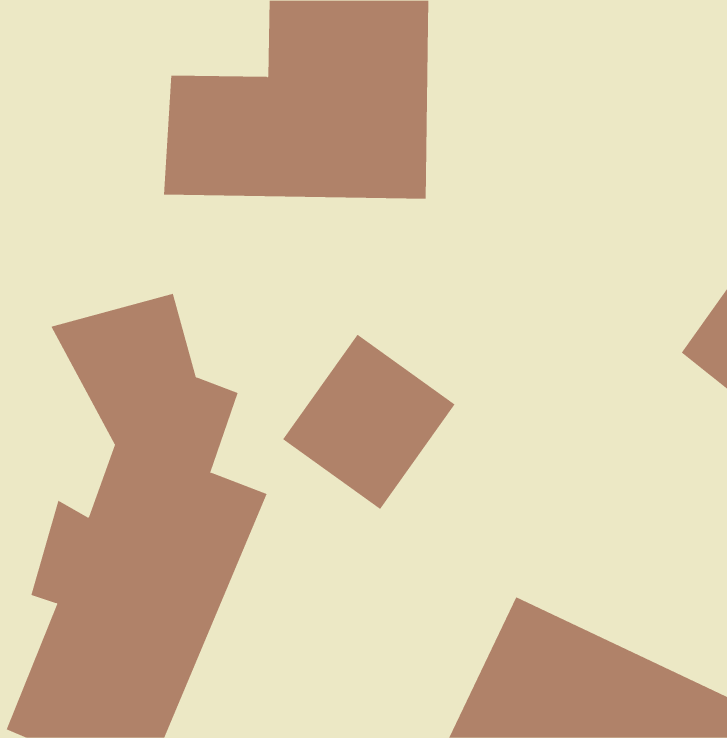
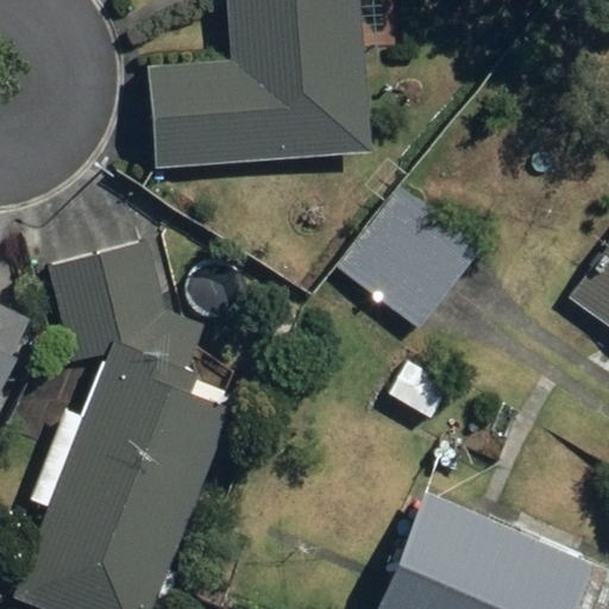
building: [282,334,455,510] -> [343,188,485,333]

